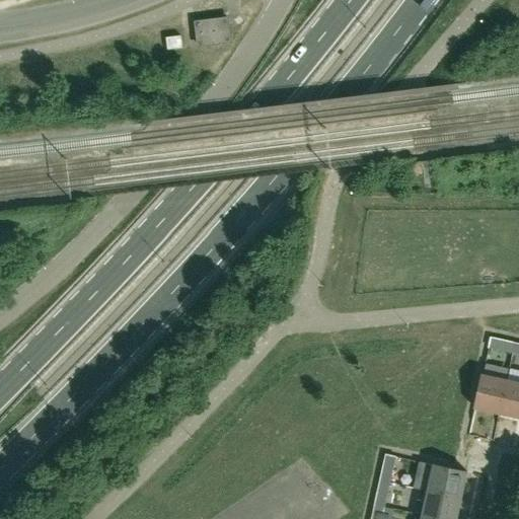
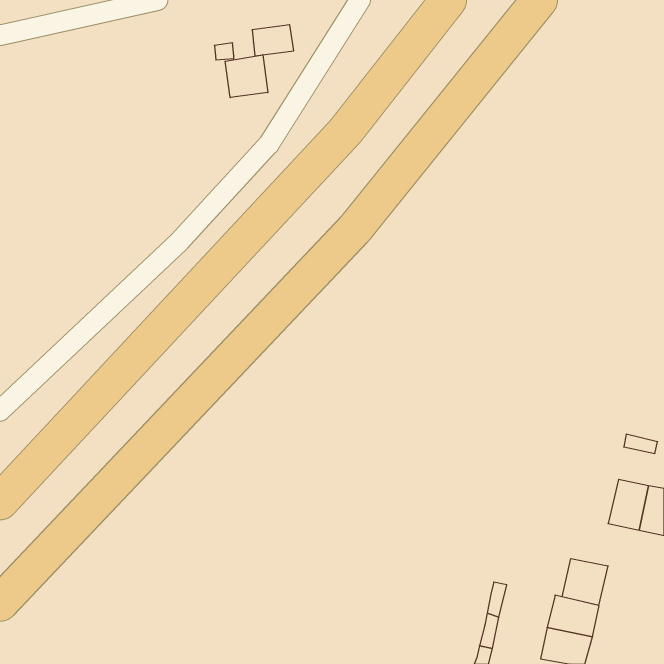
building: none -> [225,55,268,98]
building: none -> [562,559,608,605]

